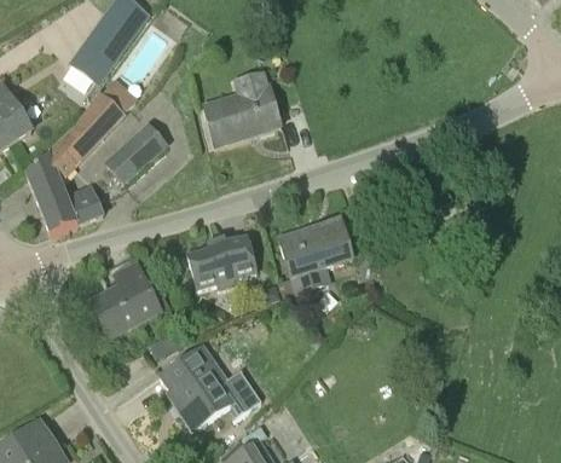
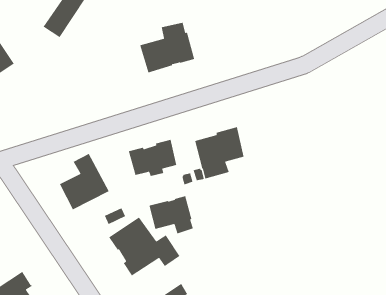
building: [25,77,134,232] -> none
building: [105,122,172,186] -> none
building: none -> [149,195,194,234]

